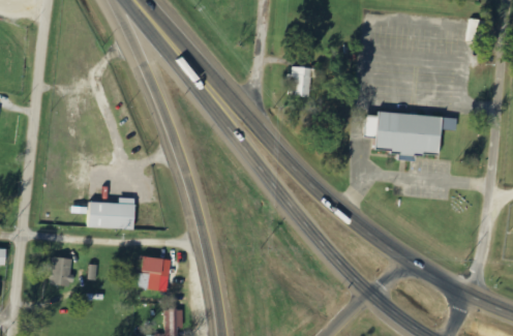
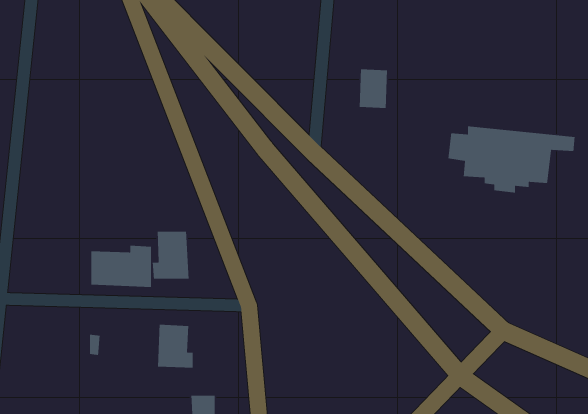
building: none -> [152,231,189,279]
building: [51,256,72,285] -> none

